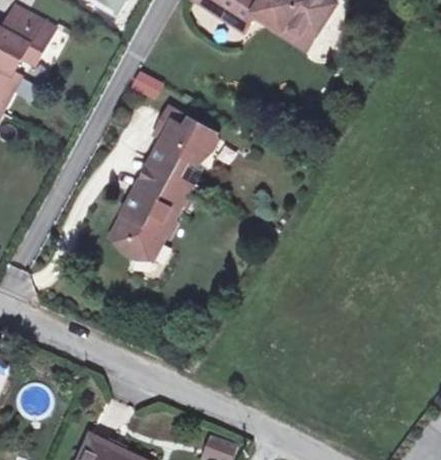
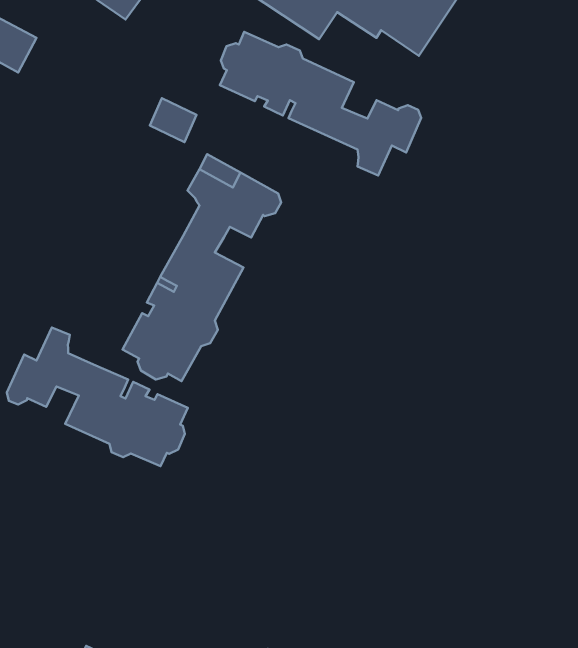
building: none -> [220,32,421,176]
building: none -> [7,327,188,466]

